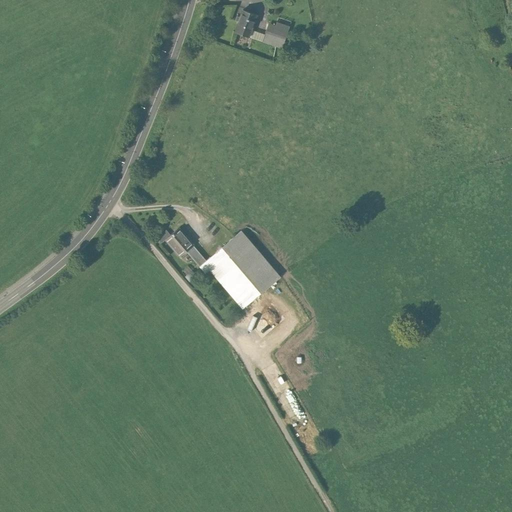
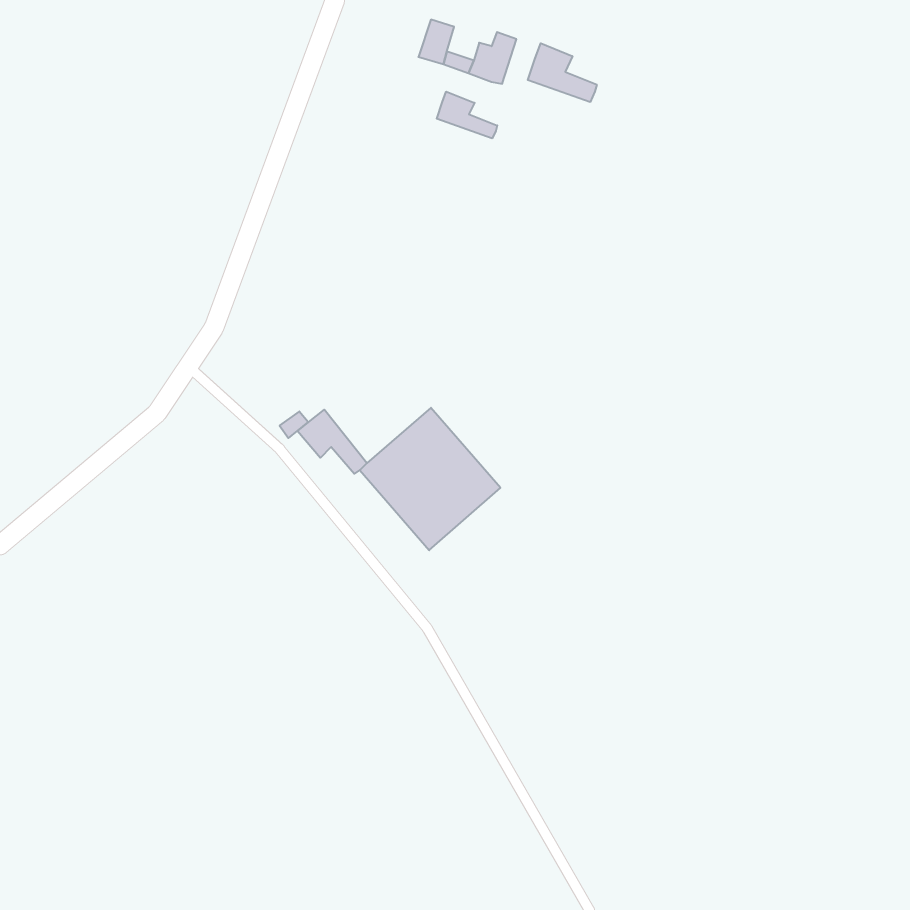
building: none -> [528,43,597,102]
building: none -> [437,92,497,138]

